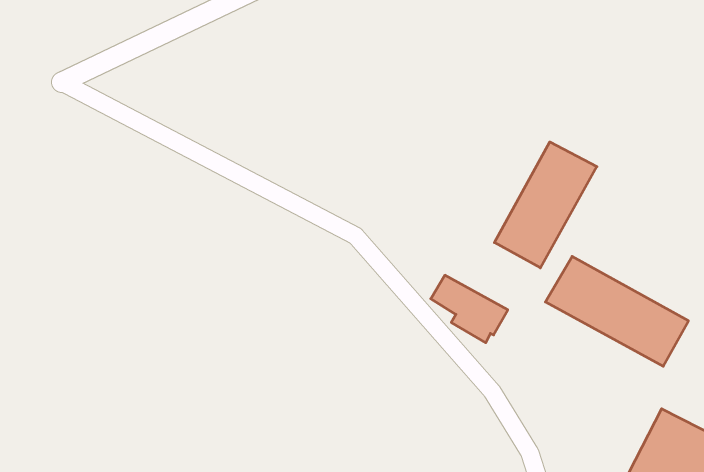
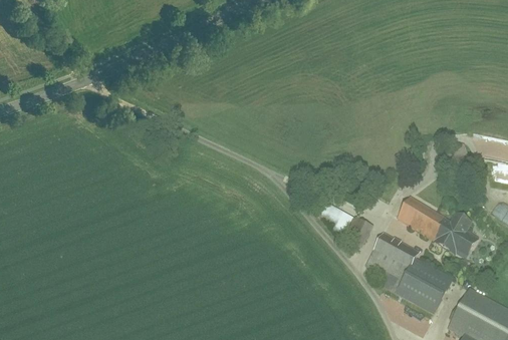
building: [494,142,597,268] -> none
building: none -> [366,234,456,319]

